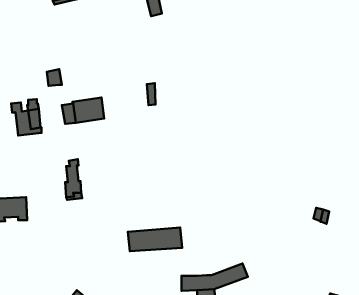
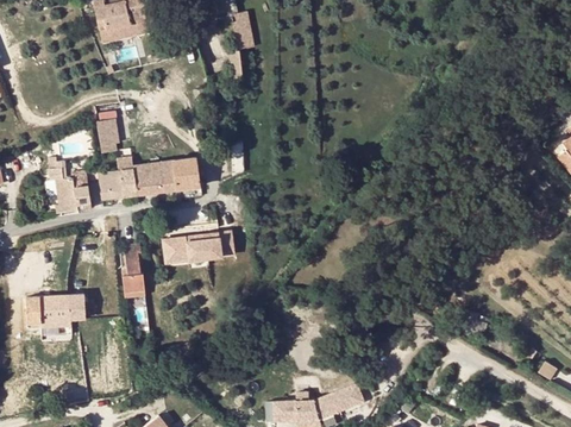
building: none -> [171,157,201,189]
building: none -> [98,171,123,200]
building: [128,227,182,251] -> [161,230,233,262]

